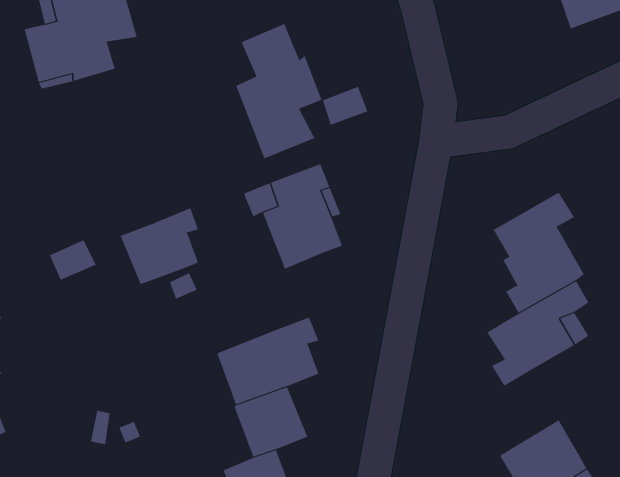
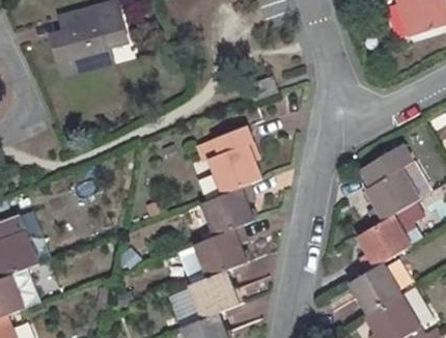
building: [235,23,322,159] -> none
building: [120,208,199,285] -> [200,185,252,235]
building: none -> [347,261,402,315]

